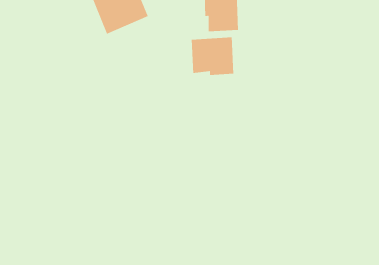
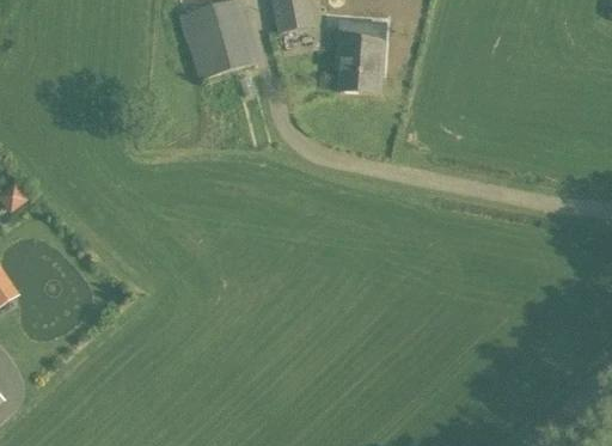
building: [191,37,234,76] -> none

